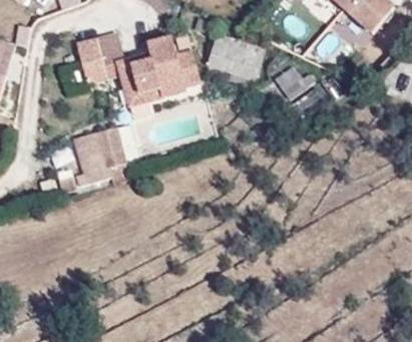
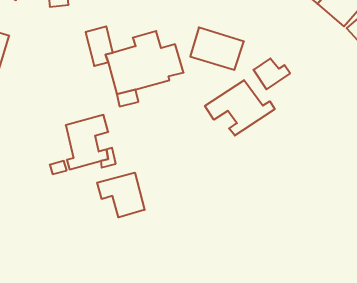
building: [75,38,105,82] -> none
building: none -> [205,80,275,136]
building: none -> [97,173,145,217]

